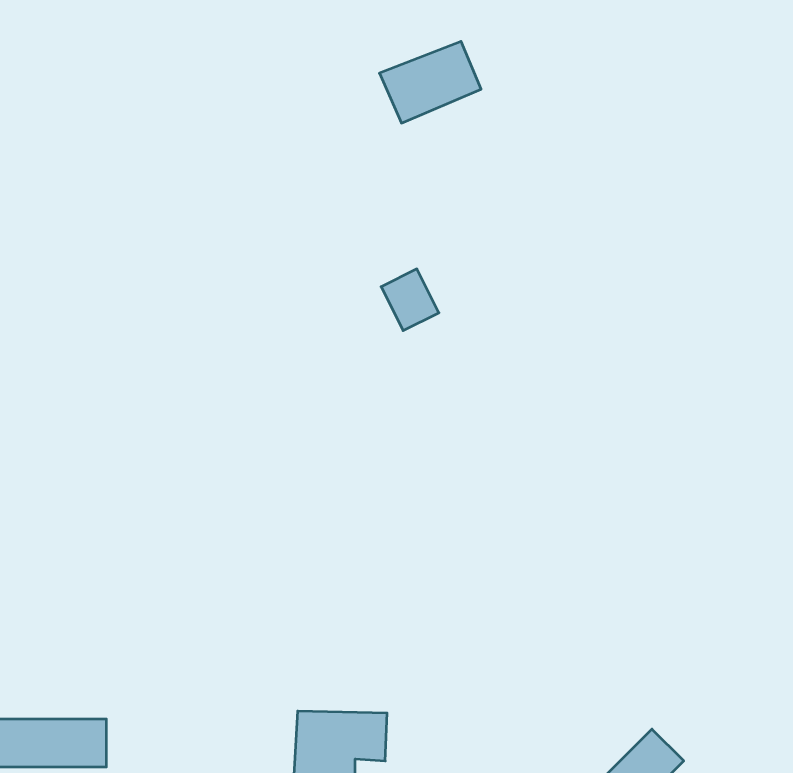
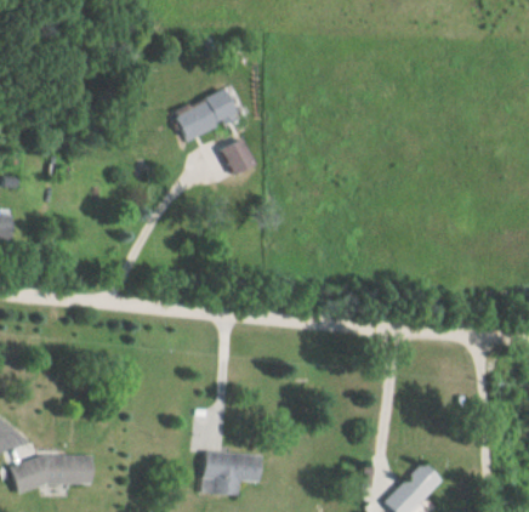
building: [379,41,481,123] -> [170,90,232,140]
building: [381,269,439,331] -> [218,136,254,173]

